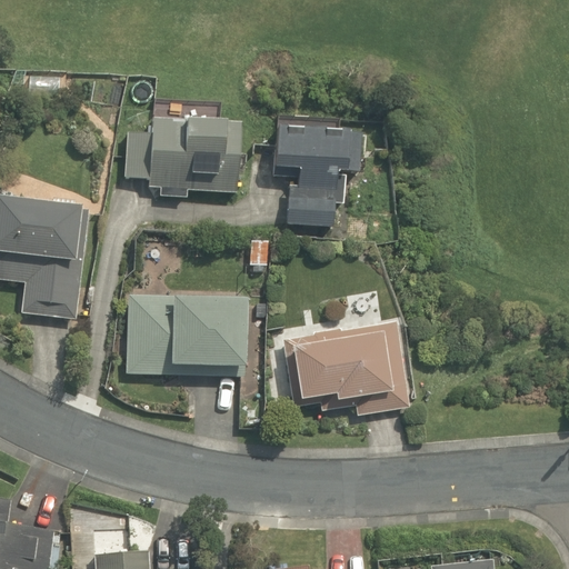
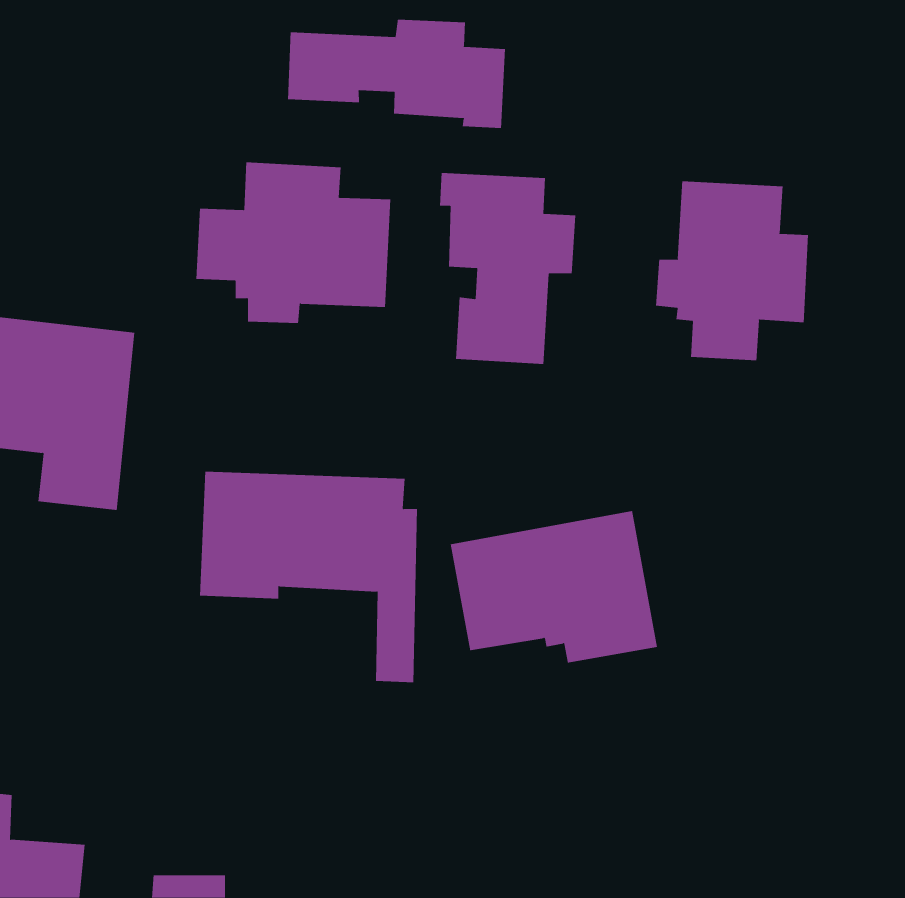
building: none -> [287,19,506,129]
building: none -> [656,181,808,361]

